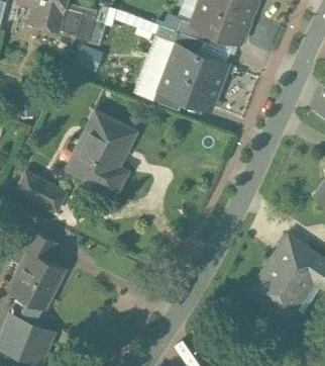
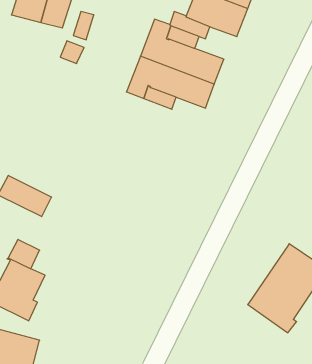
building: [67,112,135,195] -> none

